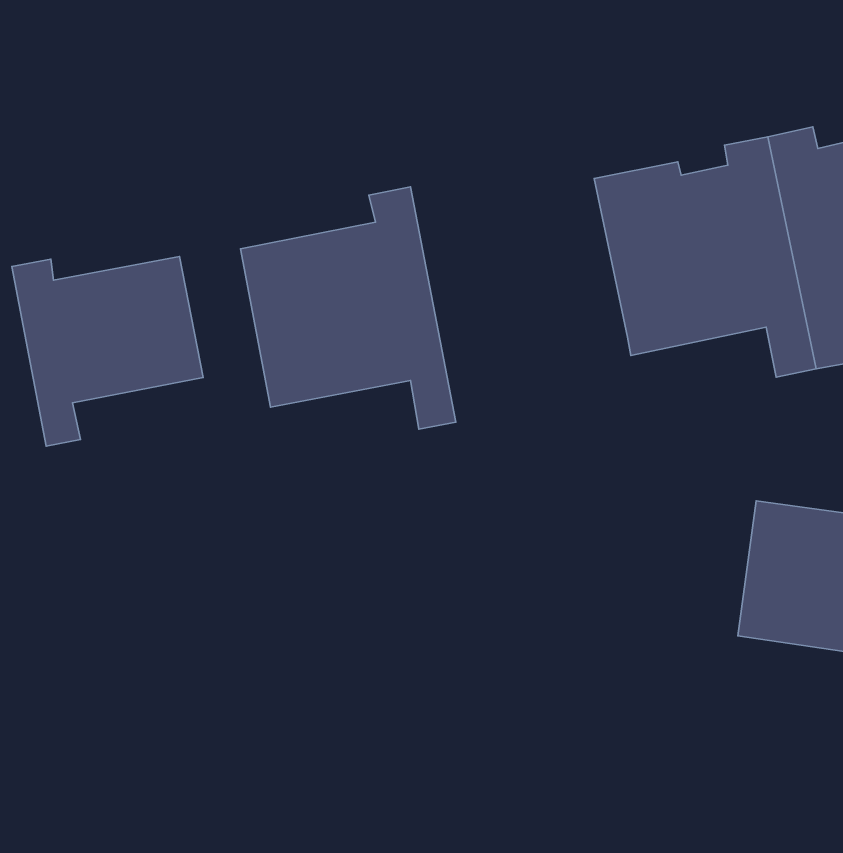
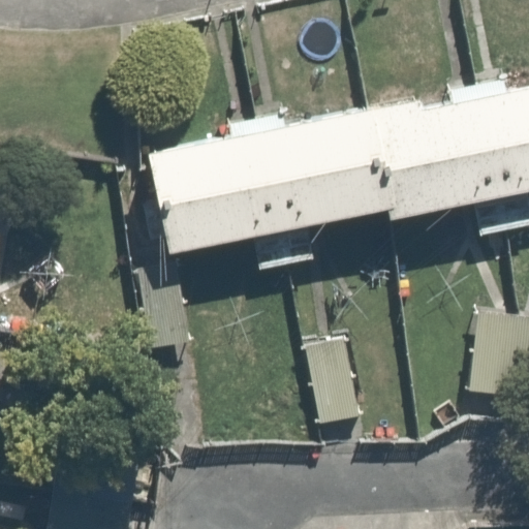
building: none -> [260,110,395,261]
building: [12,257,203,446] -> none

